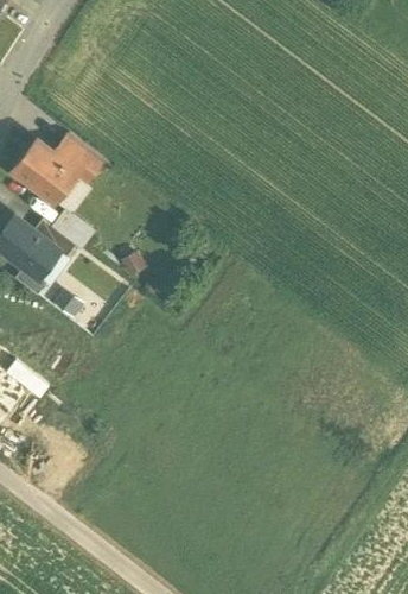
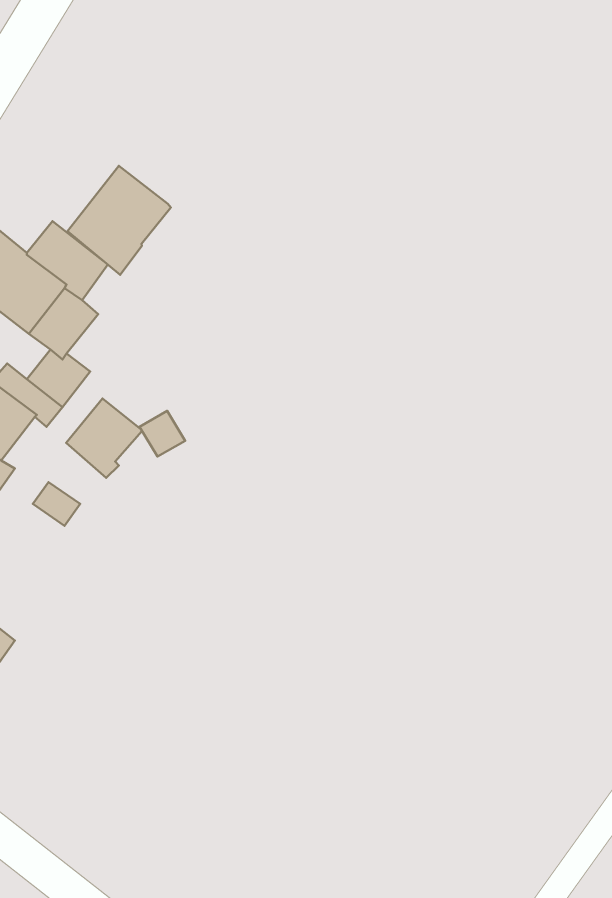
building: none -> [68,166,171,275]
building: none -> [66,398,142,478]

